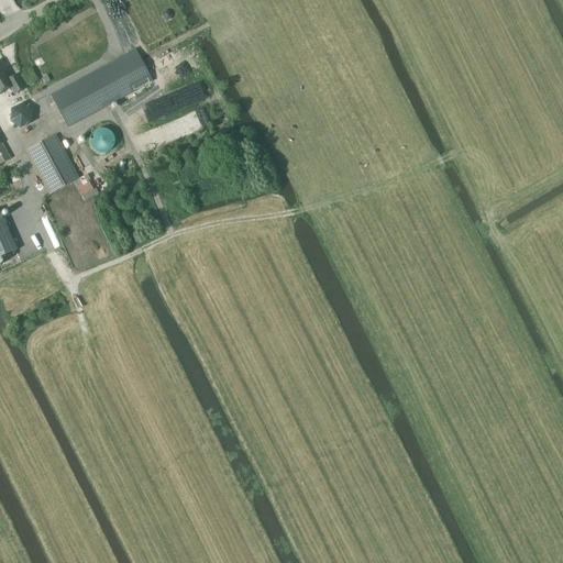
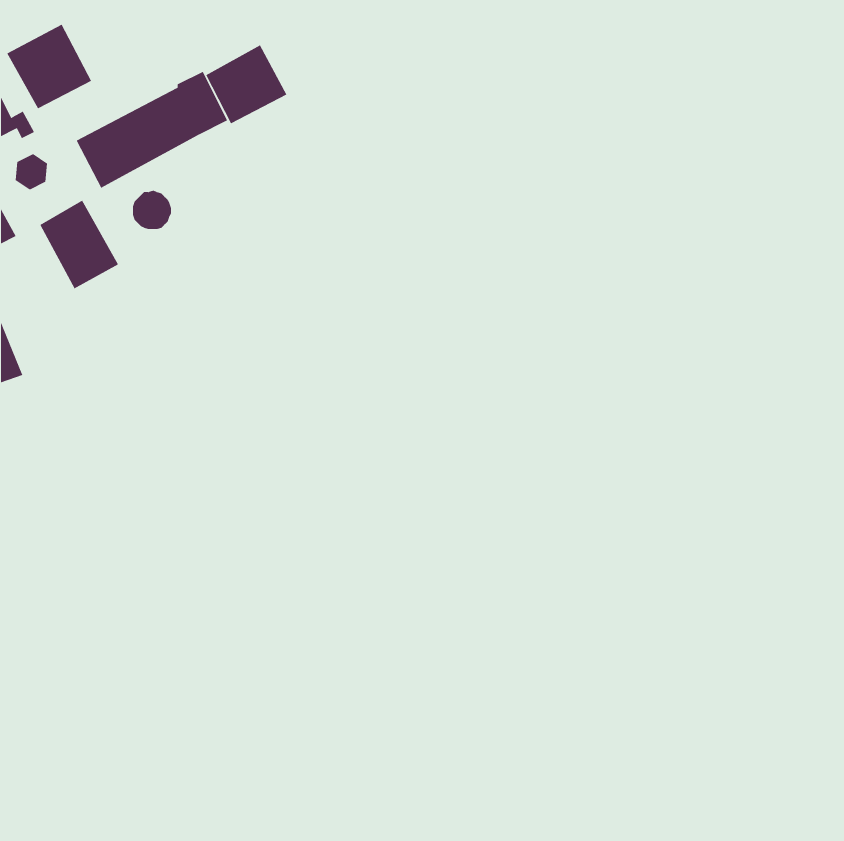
building: none -> [7,24,92,109]
building: none -> [206,45,287,124]

